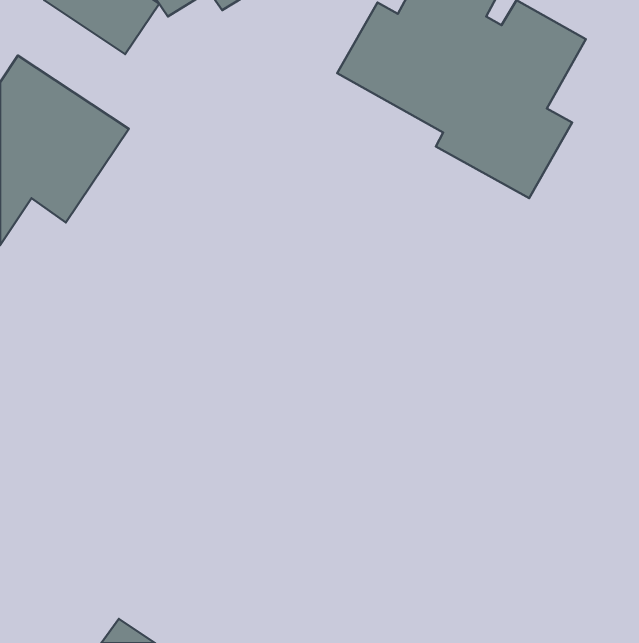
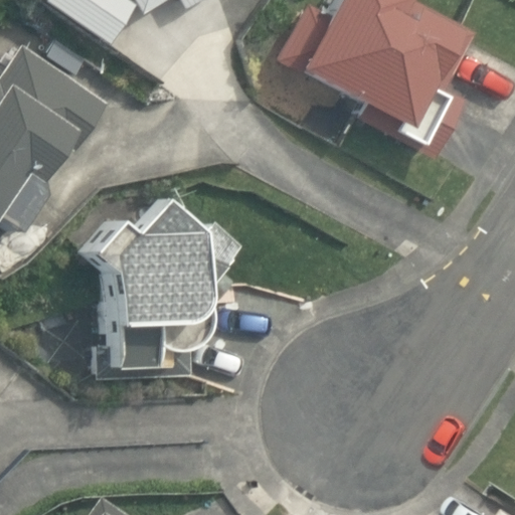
building: none -> [81,197,235,375]

